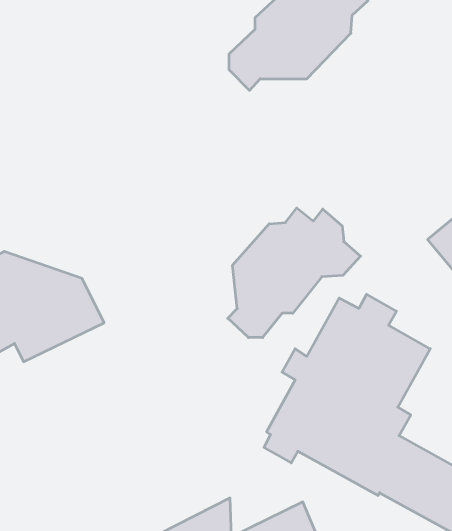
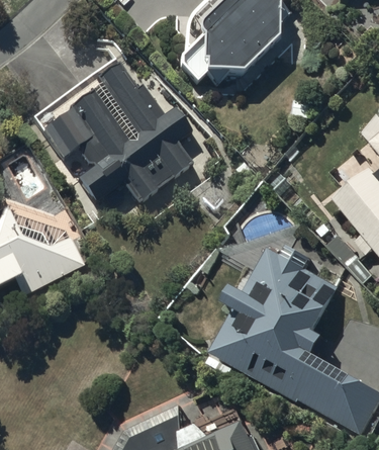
building: none -> [42,65,191,205]
building: [228,208,361,338] -> none

